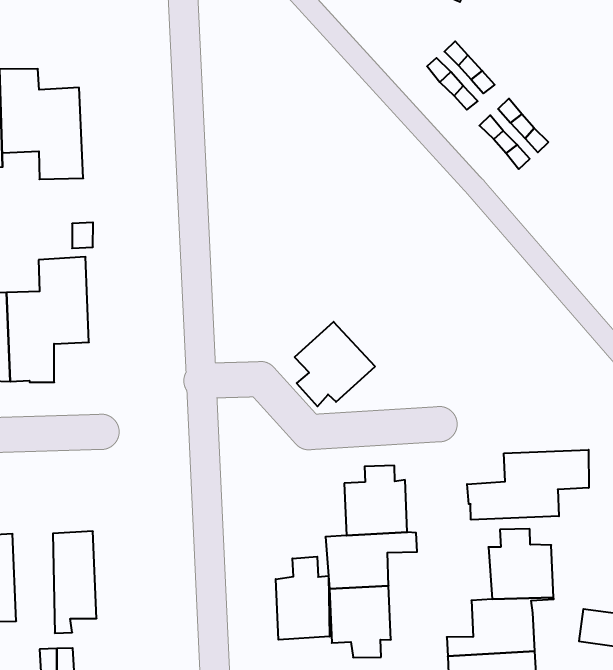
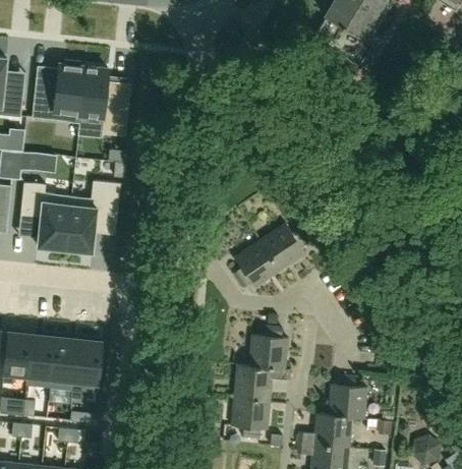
building: none -> [258,222,308,269]
building: [467,450,589,520] -> none
building: none -> [50,336,78,397]
building: [276,557,330,640] -> none

